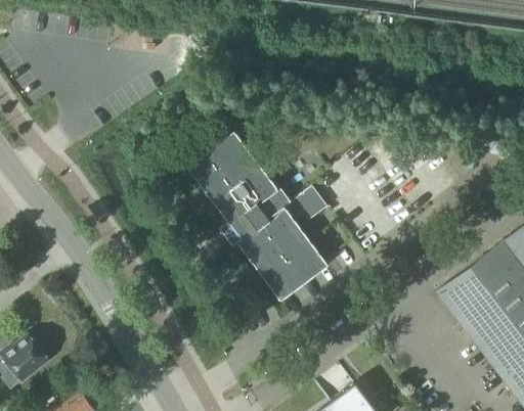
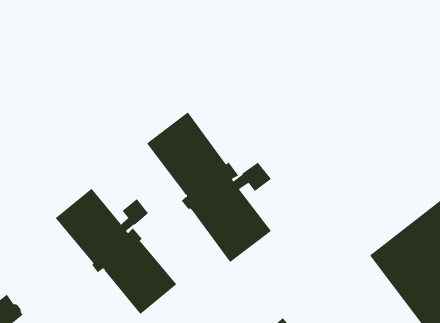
building: none -> [55,188,177,315]

